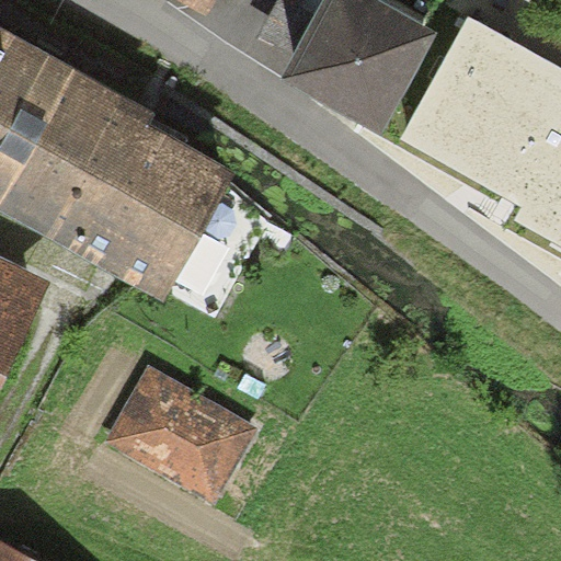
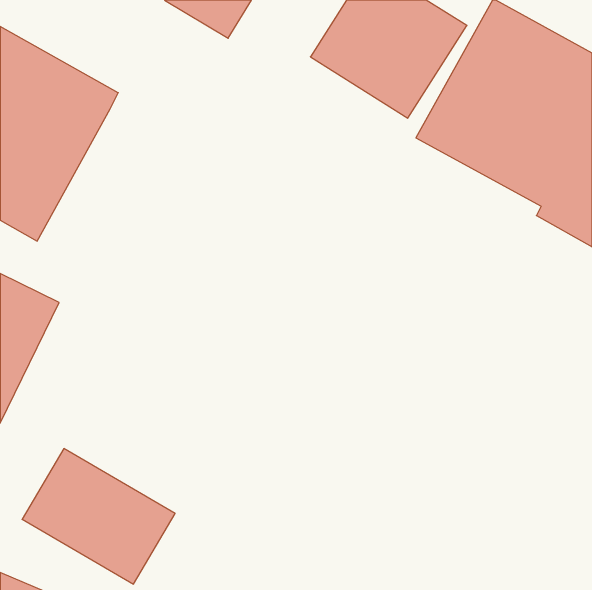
building: [35,105,225,298] -> none
building: [104,375,249,503] -> [22,449,175,584]

